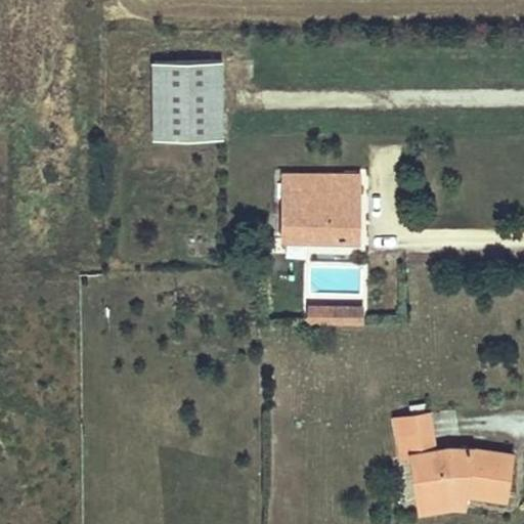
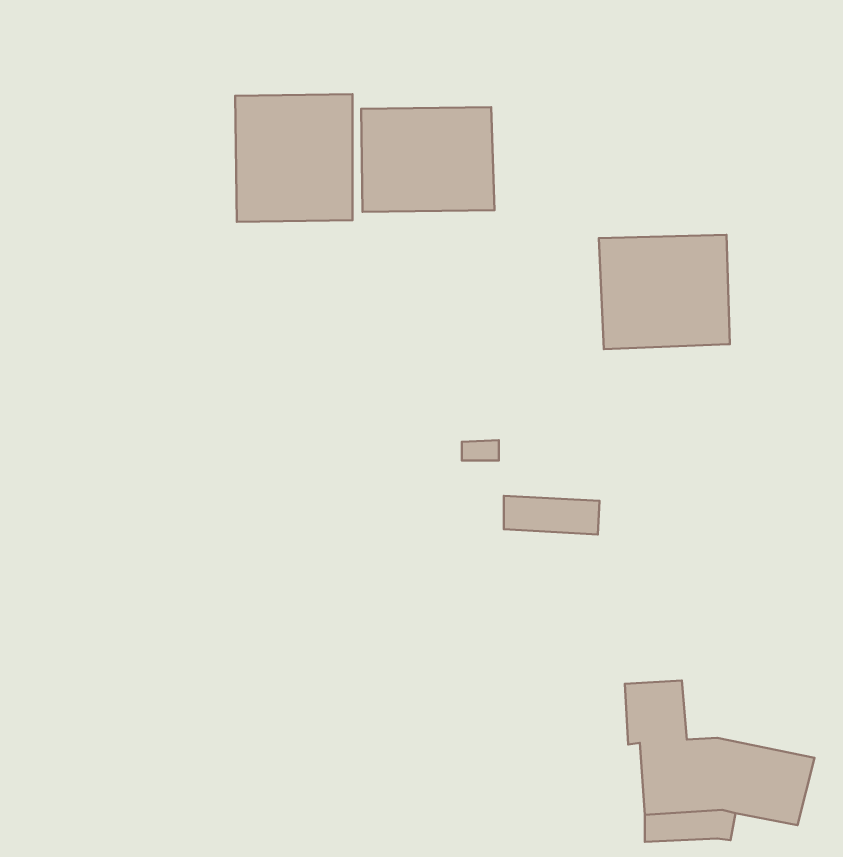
building: none -> [361,107,494,212]
building: [290,175,369,245] -> [599,235,730,349]

